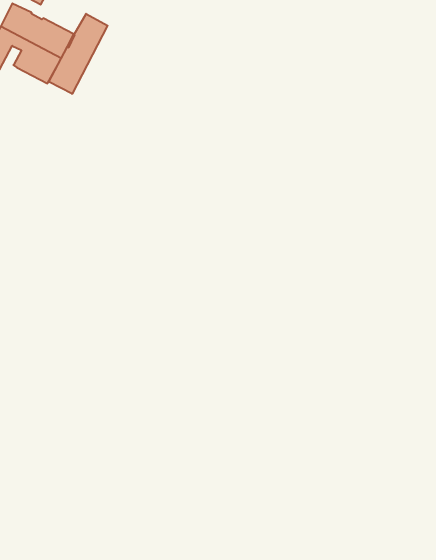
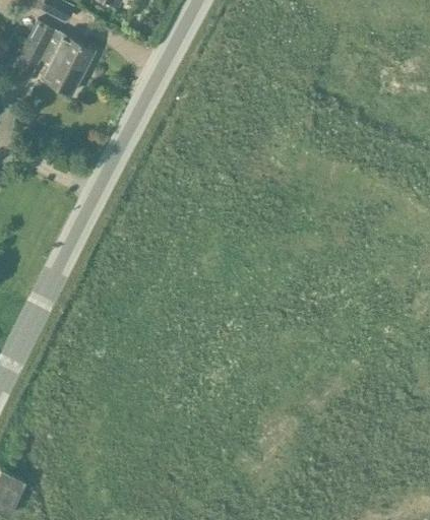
building: [49,14,108,94] -> none

